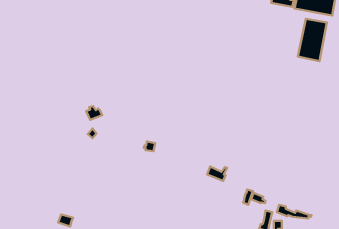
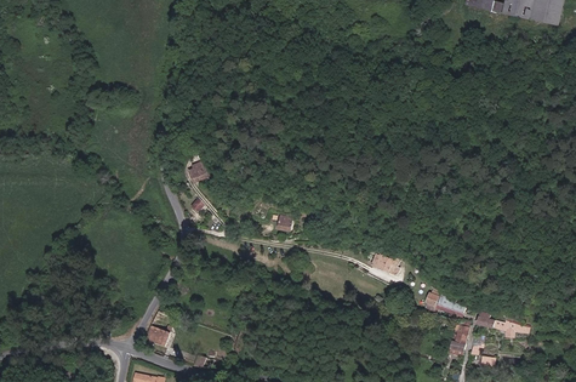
building: [298,19,327,61] -> none

